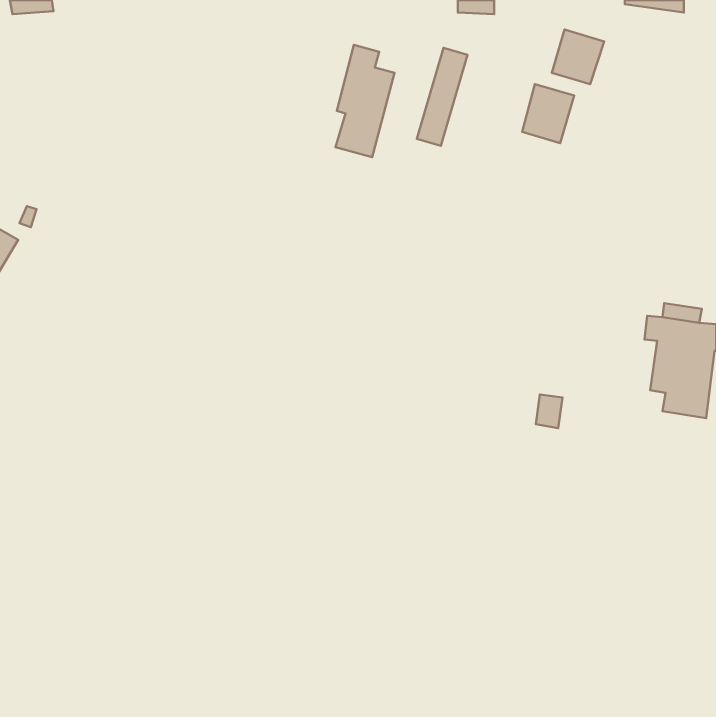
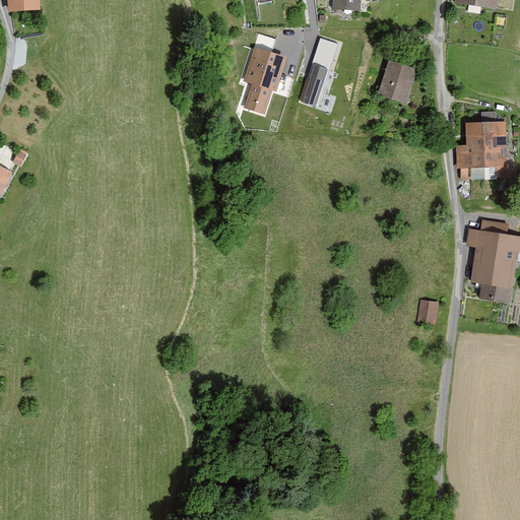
building: [552,30,604,84] -> none
building: none -> [456,121,509,176]
building: [536,395,562,428] -> [417,300,437,324]

